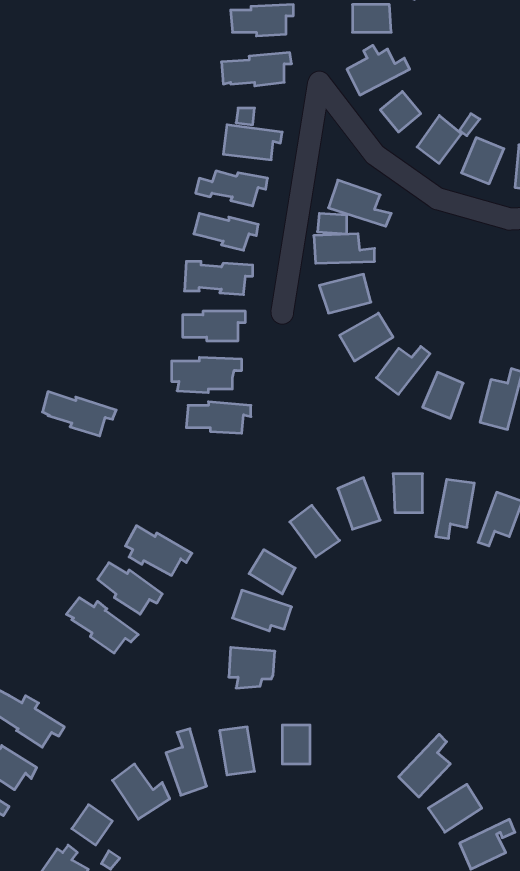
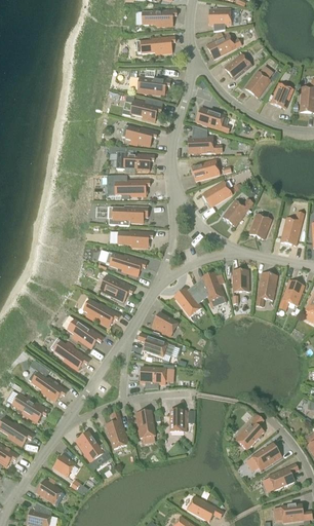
building: [42,392,116,436] -> [106,252,147,276]
building: none -> [100,274,134,301]
building: none -> [29,370,68,402]

